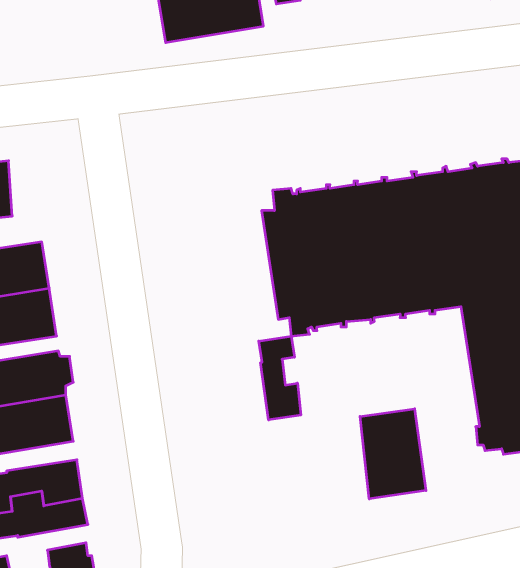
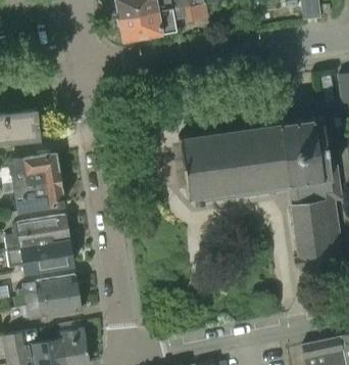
building: [259,336,301,420] -> none
building: [360,409,426,499] -> none

